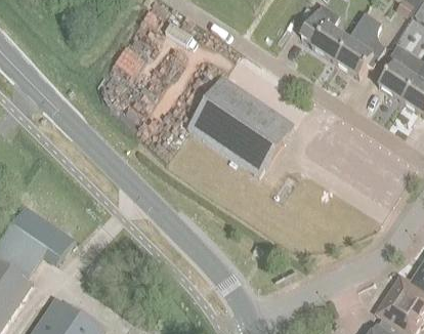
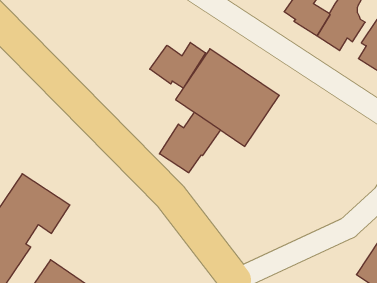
building: none -> [150,42,206,88]
building: none -> [159,112,221,173]

